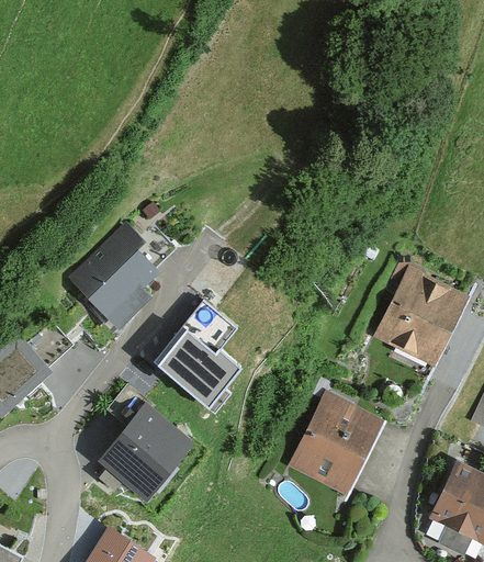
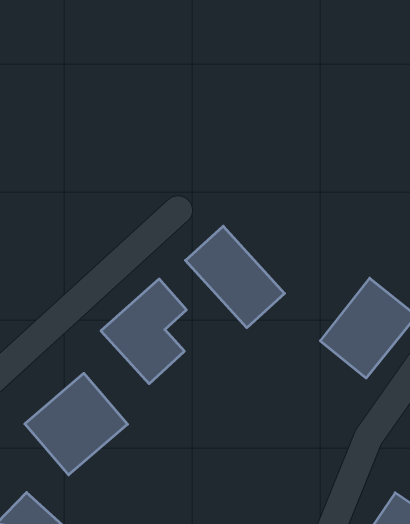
building: [68,222,160,329] -> none
building: none -> [185,226,285,328]
building: [284,393,371,490] -> none

